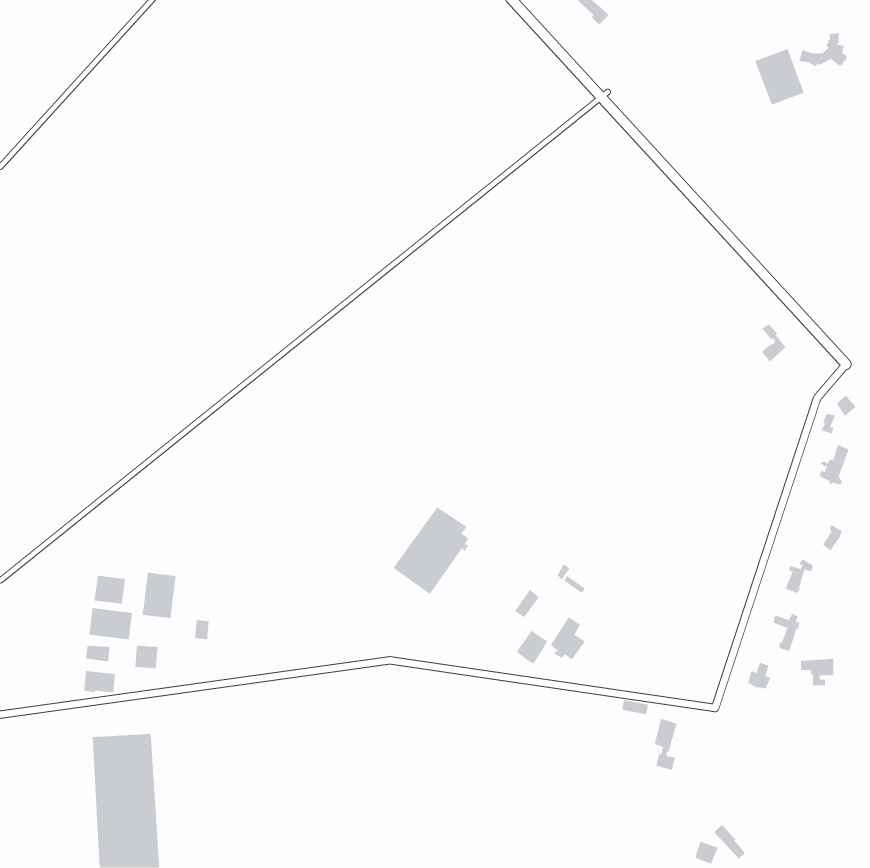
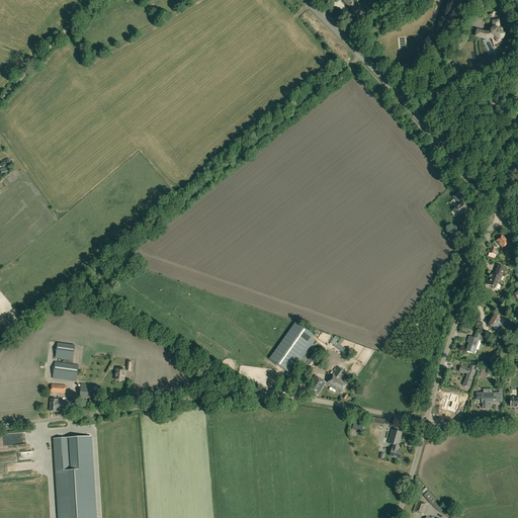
building: [755,48,805,106] -> none
building: [393,506,469,595] -> [269,322,315,374]
building: [142,572,176,619] -> none

